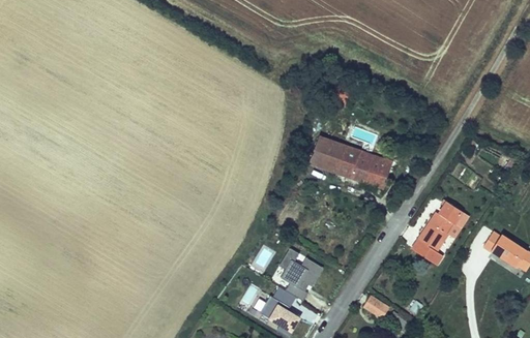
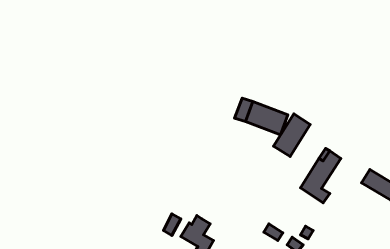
building: [311,135,336,166] -> none
building: none -> [274,114,310,157]
building: [282,245,326,301] -> none

